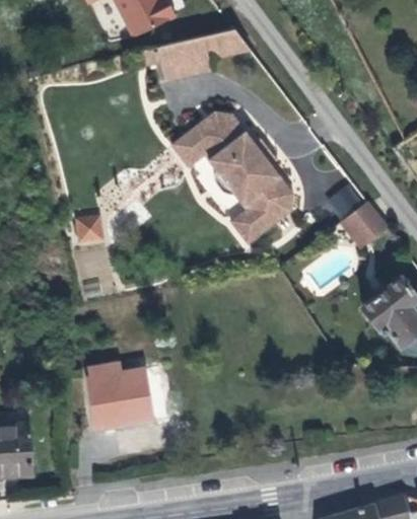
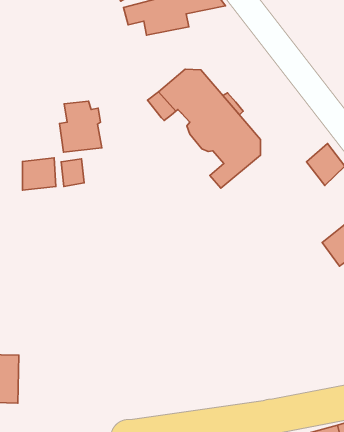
building: none -> [59,101,102,152]
building: none -> [23,158,56,190]
building: [84,363,150,429] -> none

